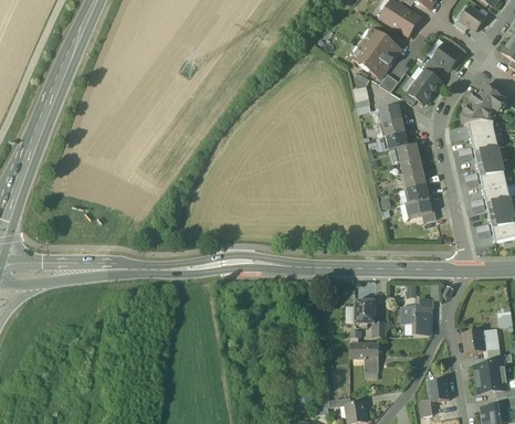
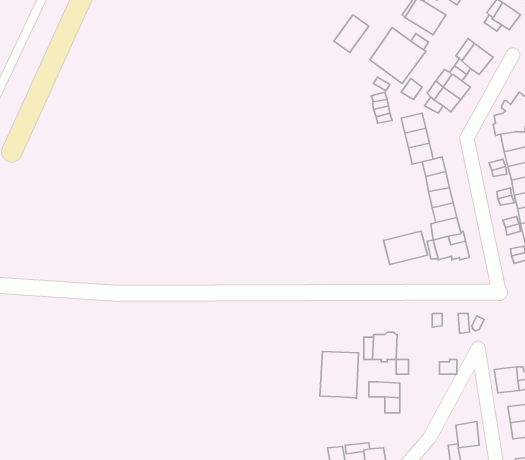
building: none -> [334,15,369,52]
building: none -> [384,231,427,264]
building: [402,307,429,325] -> none
building: none -> [320,351,358,398]

